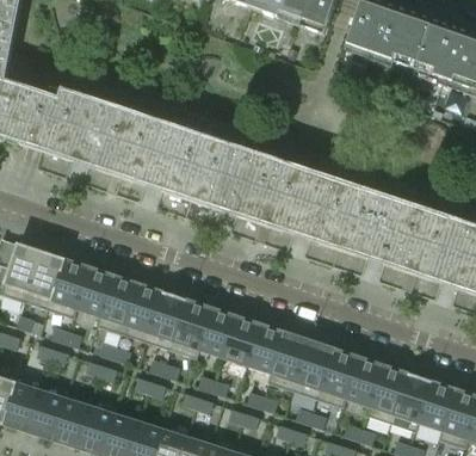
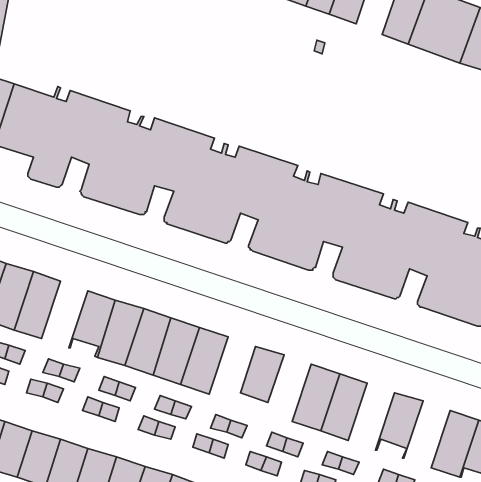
building: [49,259,89,318] -> none
building: [196,308,236,358] -> none
building: [247,323,285,382] -> none
building: [317,349,358,407] -> none
building: [366,364,407,423] -> none

